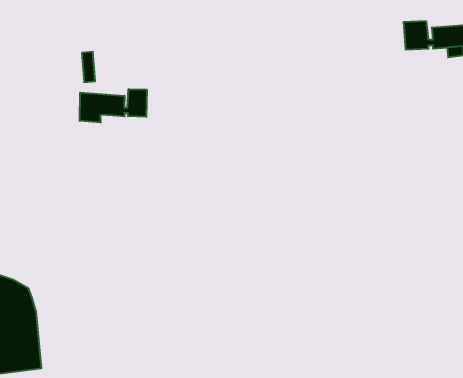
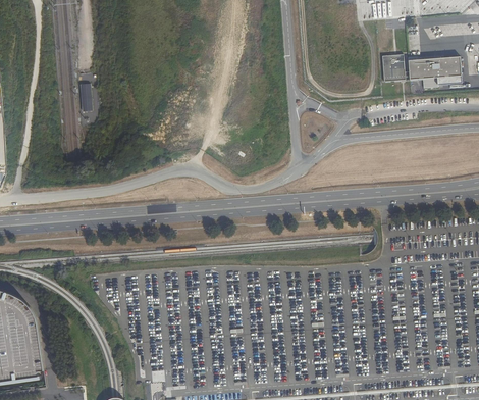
building: [80,89,147,123] -> none

